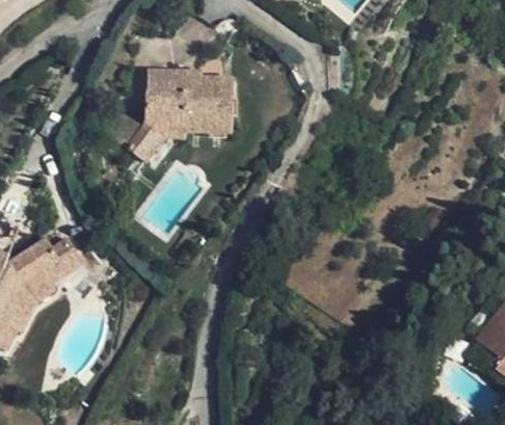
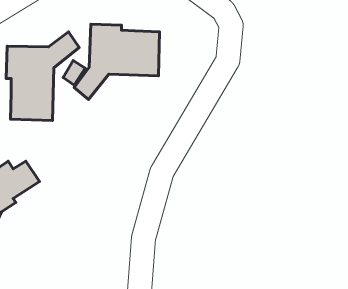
building: none -> [6,32,79,121]

